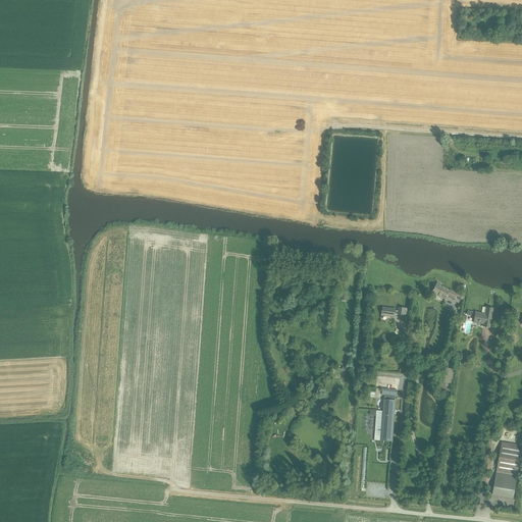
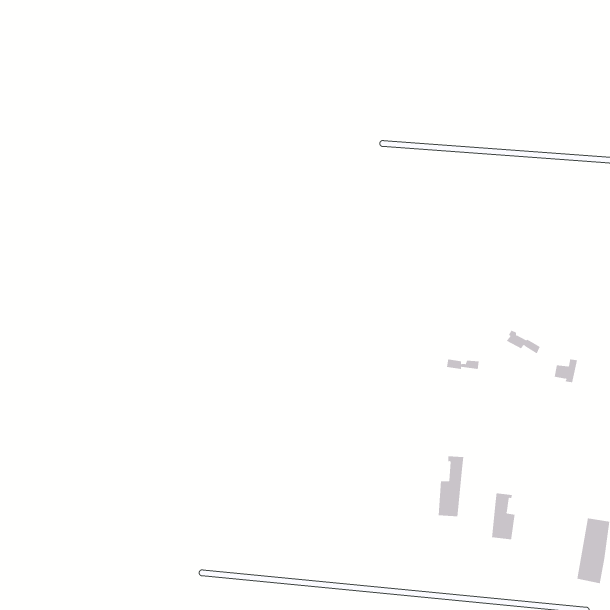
building: none -> [491,492,515,540]

